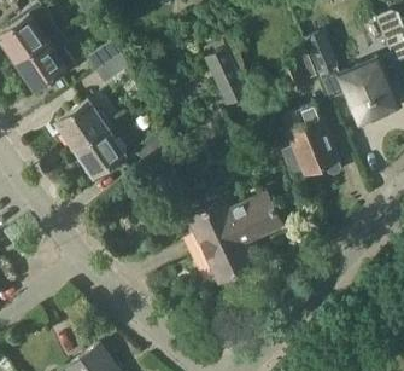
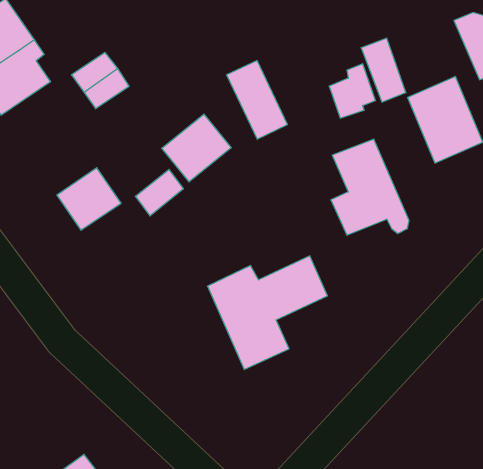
building: none -> [162,114,231,182]
building: [57,99,106,149] -> none

